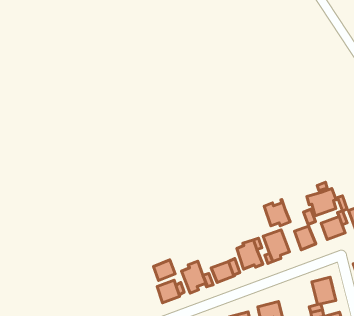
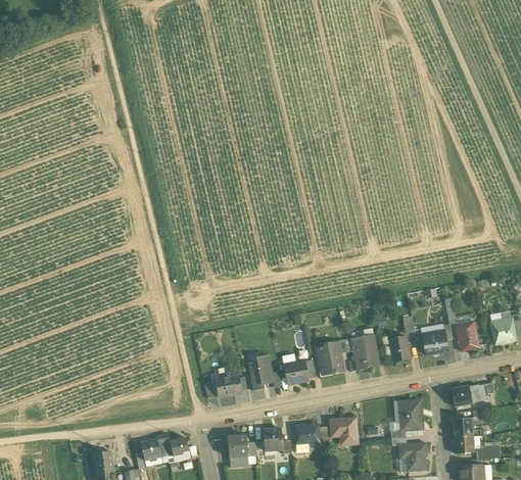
building: [307,189,336,216] -> none
building: [264,199,290,226] -> none
building: [153,260,175,281] -> none

